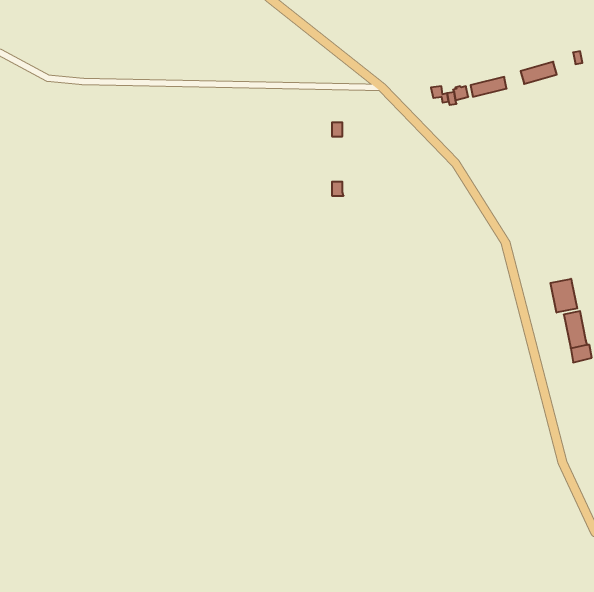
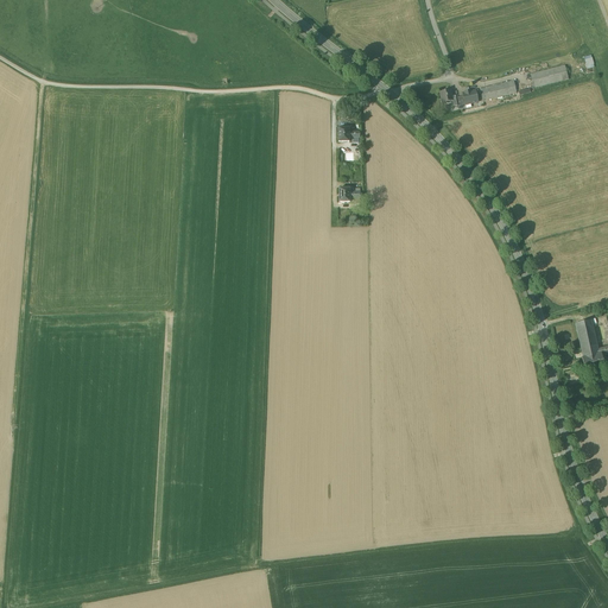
building: [550,279,577,313] -> none

